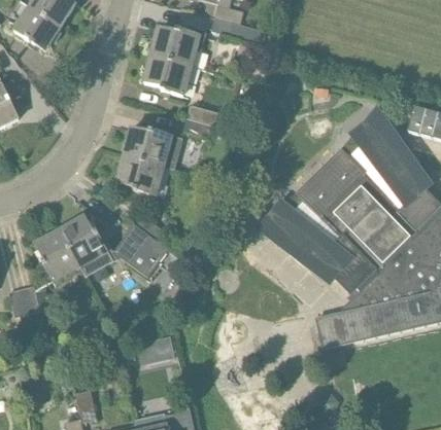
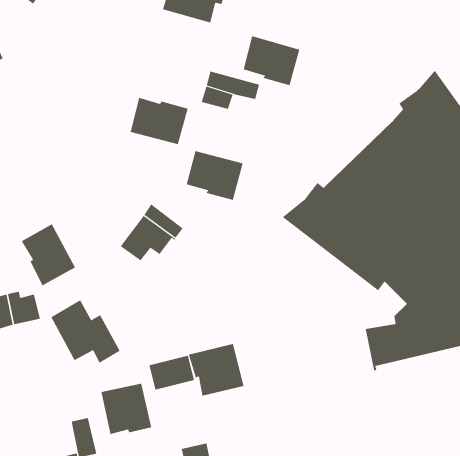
building: [144,53,192,95] -> [243,36,300,86]
building: [117,154,165,195] -> [186,151,244,201]
building: [61,215,118,267] -> [50,300,120,363]
building: none -> [188,343,244,396]
building: none -> [101,383,152,435]

